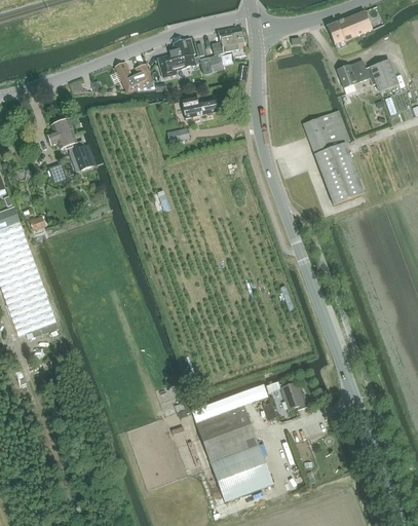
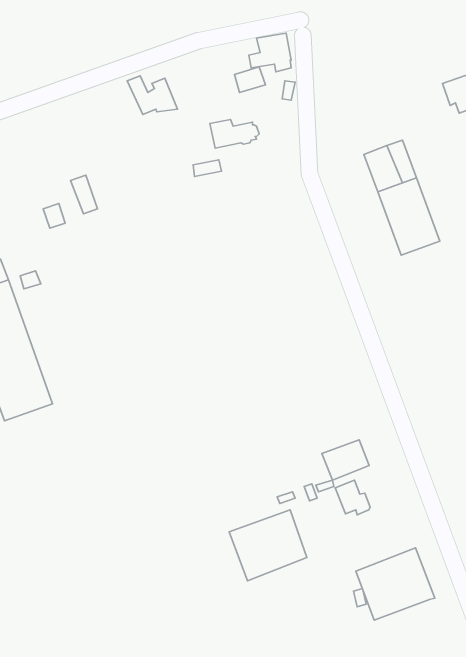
building: [327,11,372,44] -> none
building: [158,38,196,77] -> none
building: [337,60,370,87] -> none
building: [46,116,77,148] -> none
building: none -> [322,440,369,480]
building: [211,444,273,501] -> [356,548,435,620]

